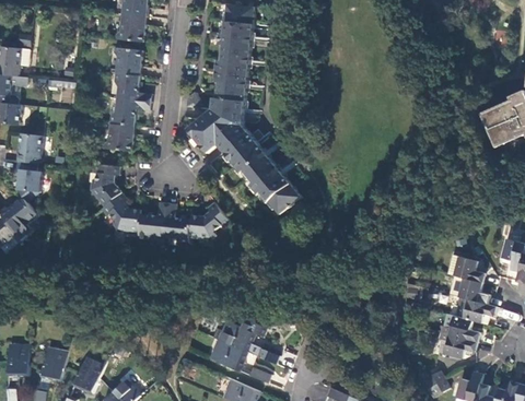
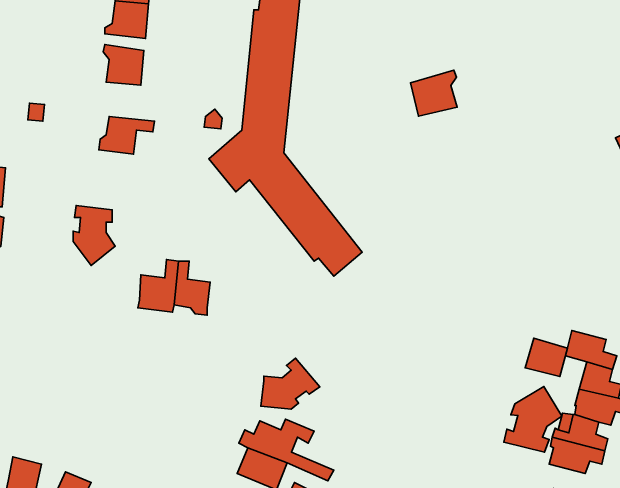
building: none -> [411,70,457,116]
building: [114,74,151,103] -> none
building: [103,123,135,152] -> none
building: [101,193,141,233] -> none
building: [188,203,231,240] -> [261,358,320,409]
building: none -> [525,338,567,377]
building: none -> [504,386,562,452]

